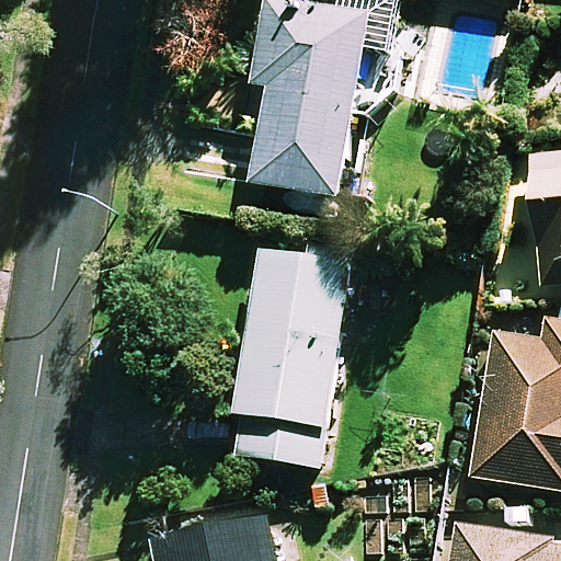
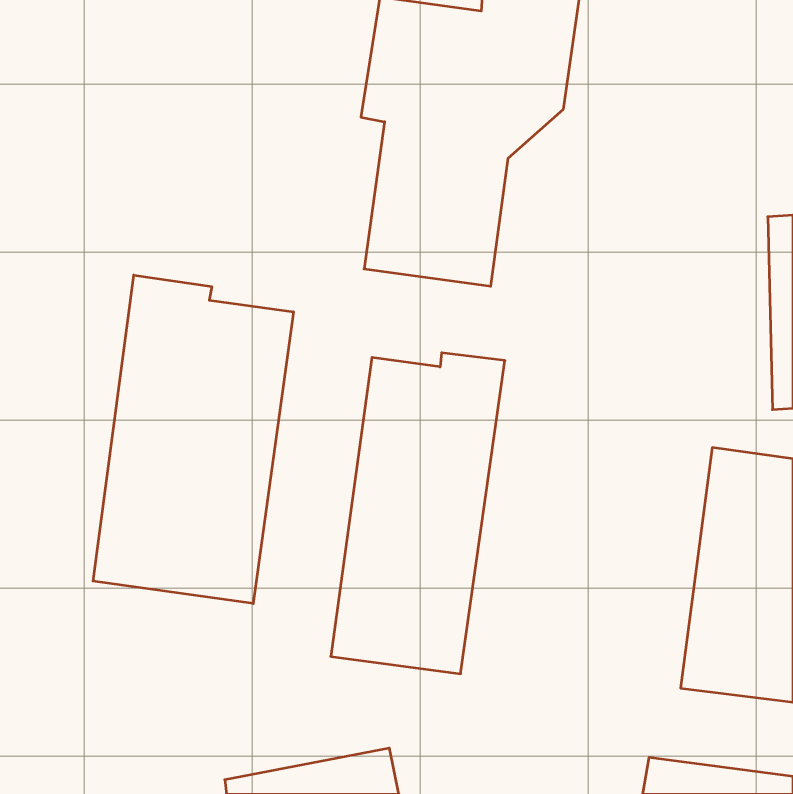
building: none -> [93,275,293,604]

